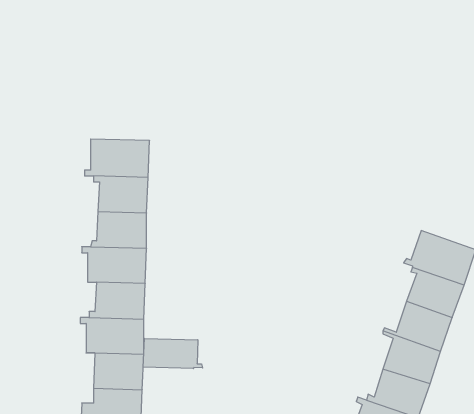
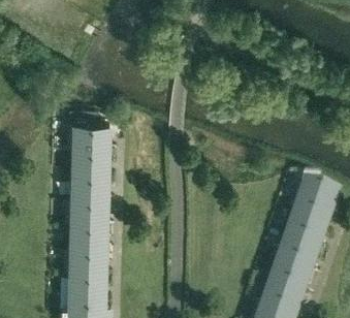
building: [143,338,203,369] -> none

